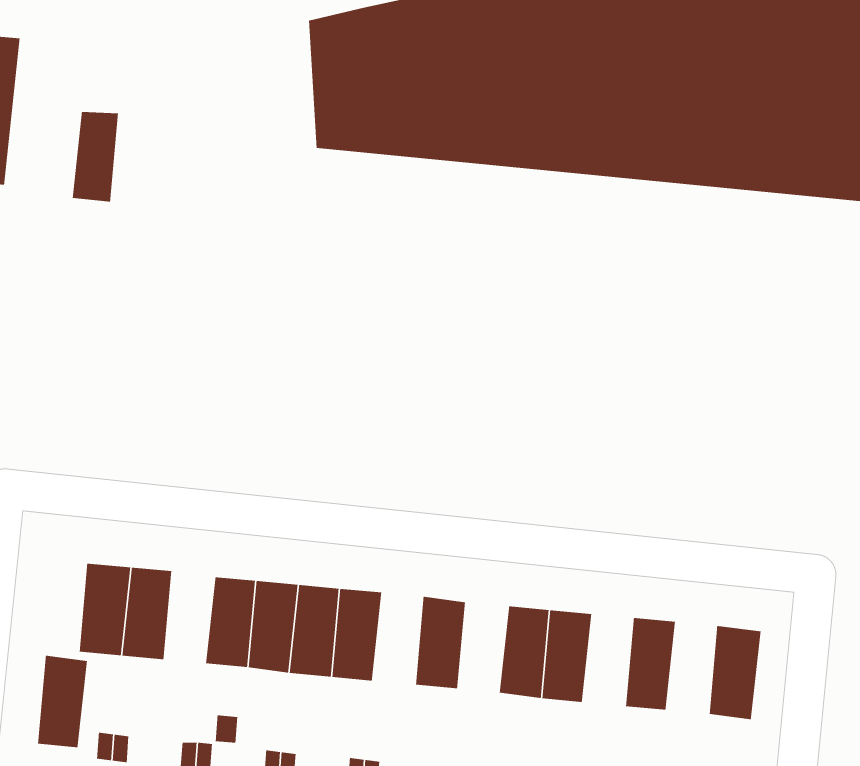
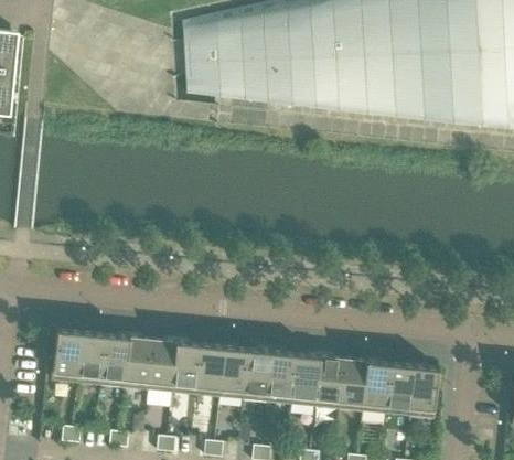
building: [72,111,119,203] -> none
building: none -> [217,345,246,398]
building: none -> [266,351,295,403]
building: none -> [336,357,365,410]
building: none -> [384,362,413,415]
building: [37,655,88,748] -> [99,333,128,386]

